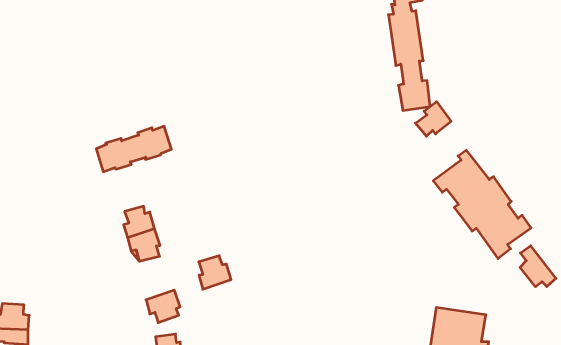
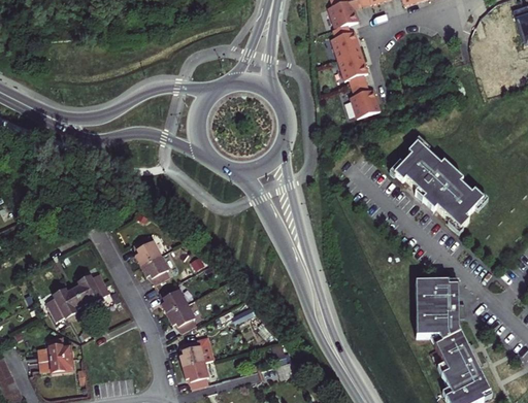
building: [415,102,451,136] -> none
building: [96,126,171,172] -> [45,274,109,322]
building: [520,246,556,287] -> none
building: [199,256,231,289] -> [160,284,190,315]

